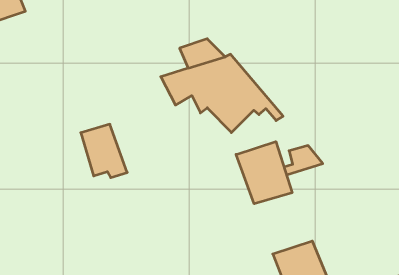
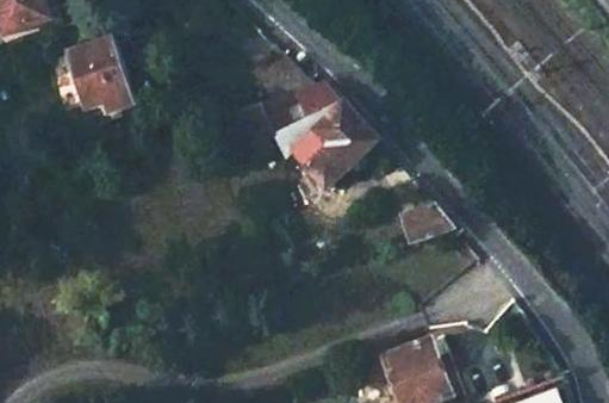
building: [81,124,127,178] -> [70,42,135,116]
building: [236,142,292,204] -> none

